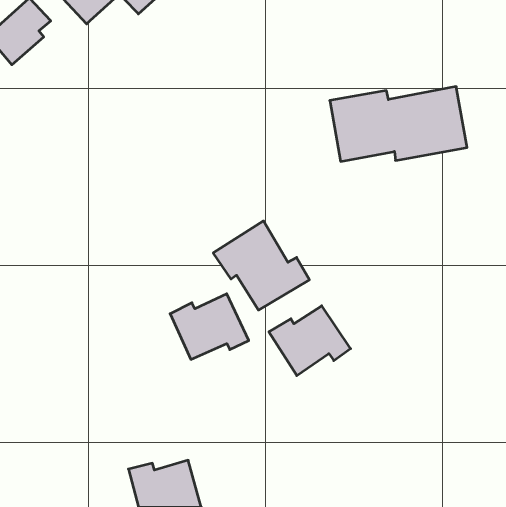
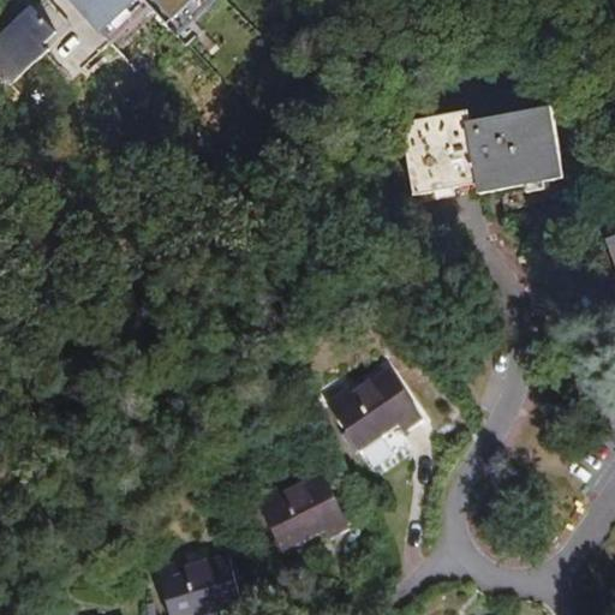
building: [213,221,309,310] -> none
building: [170,294,249,359] -> [255,473,350,553]

